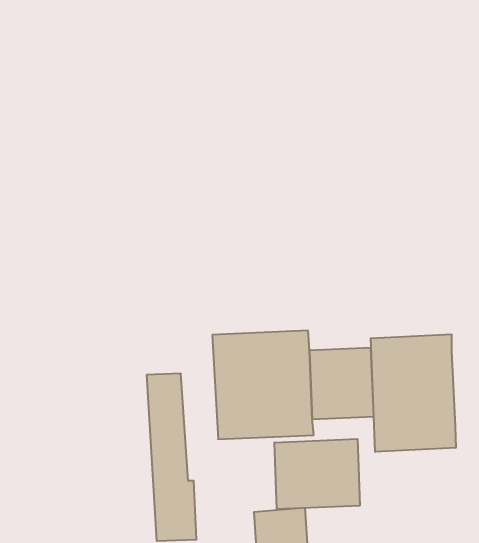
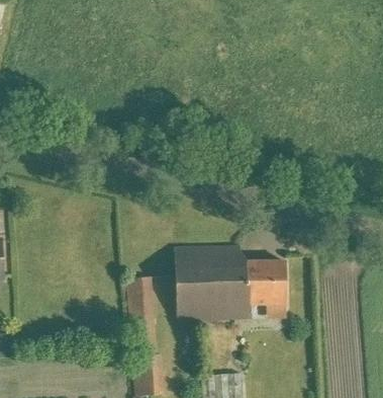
building: [371,334,456,452] -> none
building: [274,439,360,509] -> none

